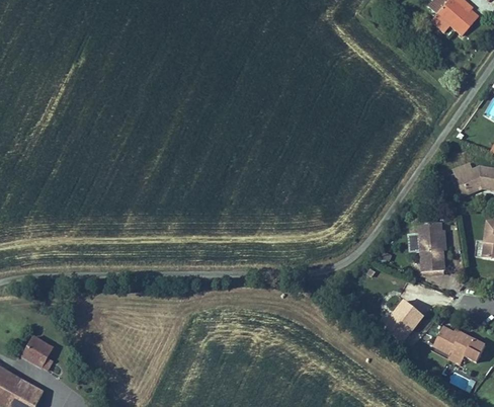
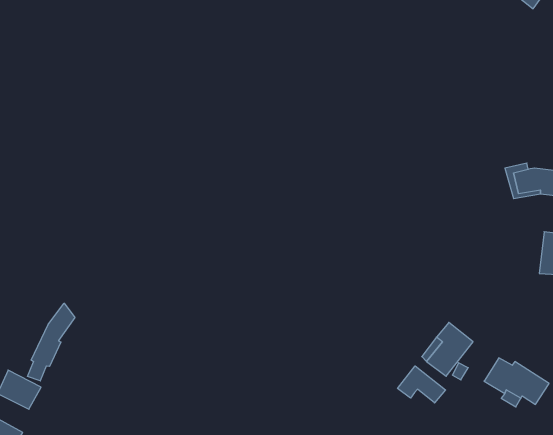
building: [415,222,443,272] -> none
building: none -> [27,303,75,381]
building: none -> [398,366,446,403]

